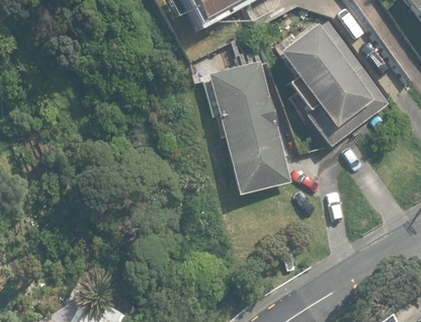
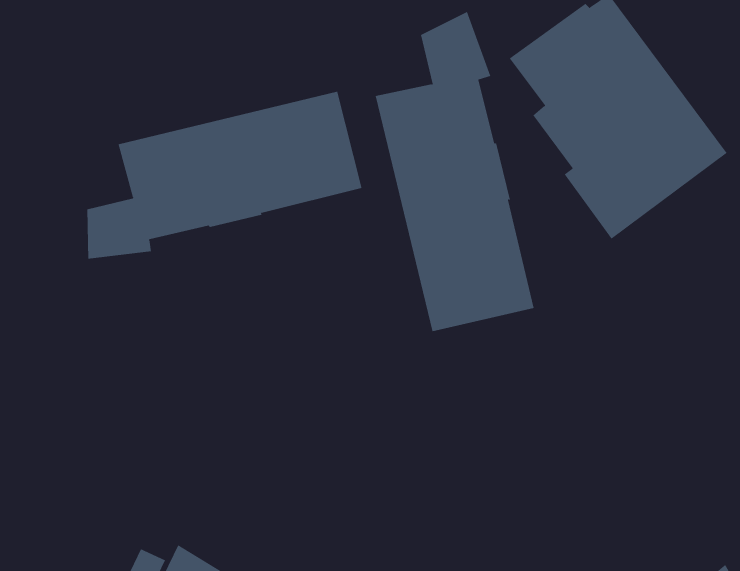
building: none -> [87,91,362,260]

